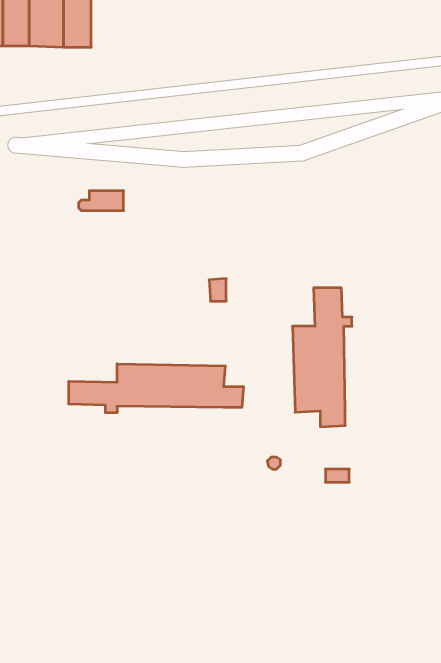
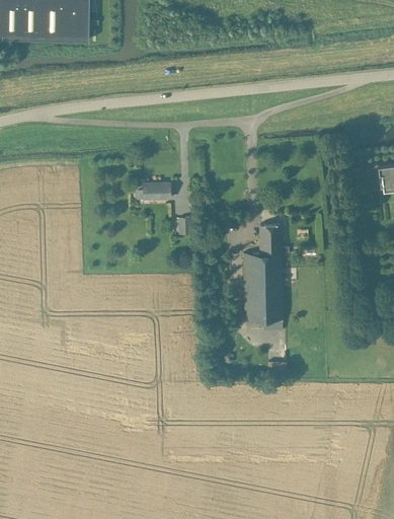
building: [79,191,124,211] -> [135,182,169,198]
building: [69,364,244,413] -> none

